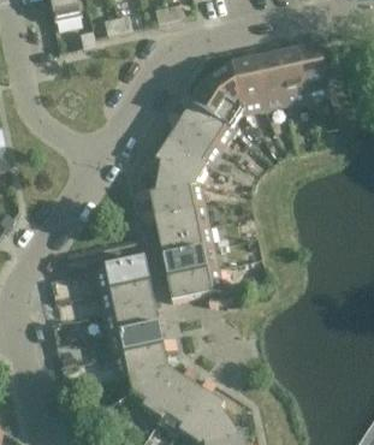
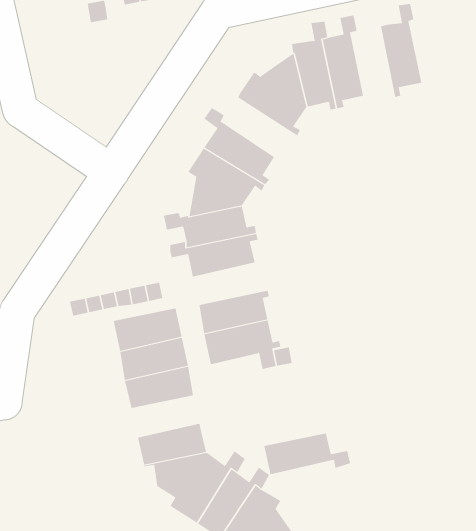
building: [275,36,308,102] -> none
building: [178,90,236,147] -> none
building: [158,225,214,256] -> none
building: [112,324,177,355] -> [263,433,351,475]

